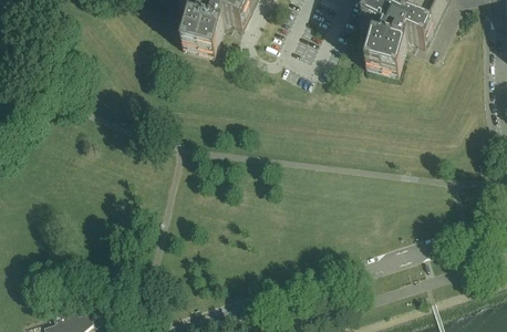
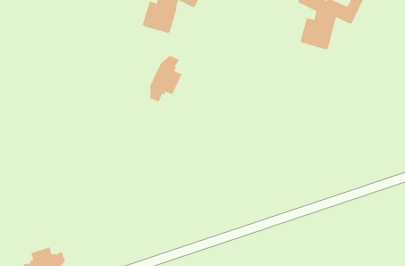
building: none -> [149,55,183,103]

